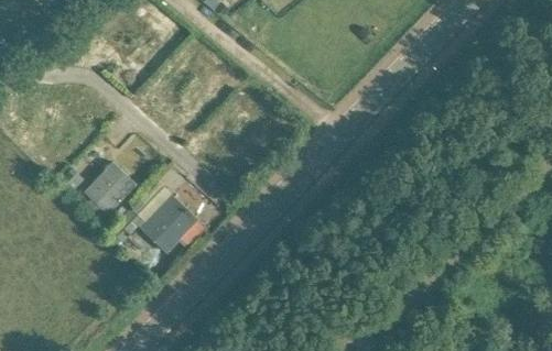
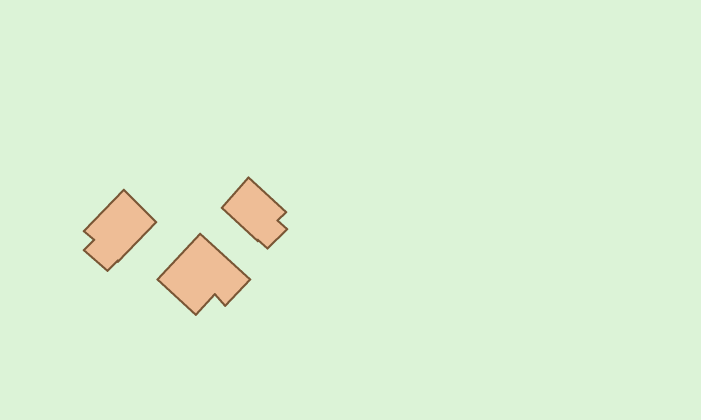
building: none -> [222,178,287,248]

